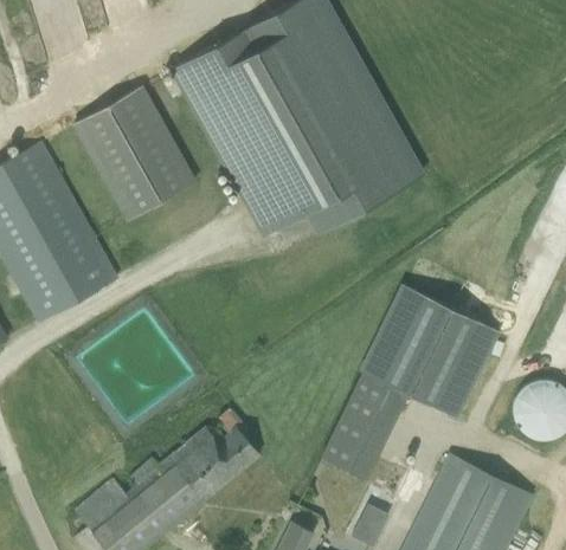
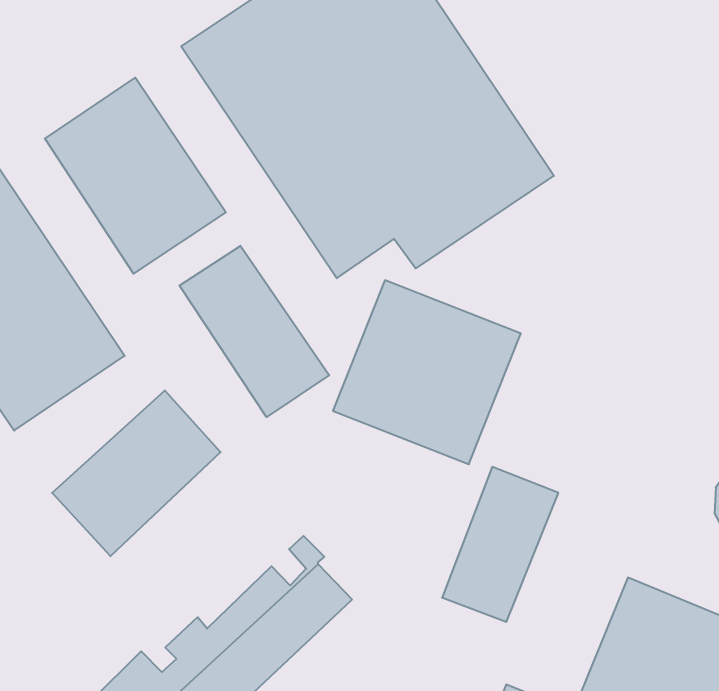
building: none -> [179,246,329,417]
building: [364,285,496,415] -> [333,280,521,464]
building: none -> [52,390,221,556]

